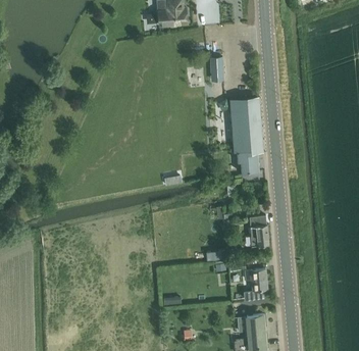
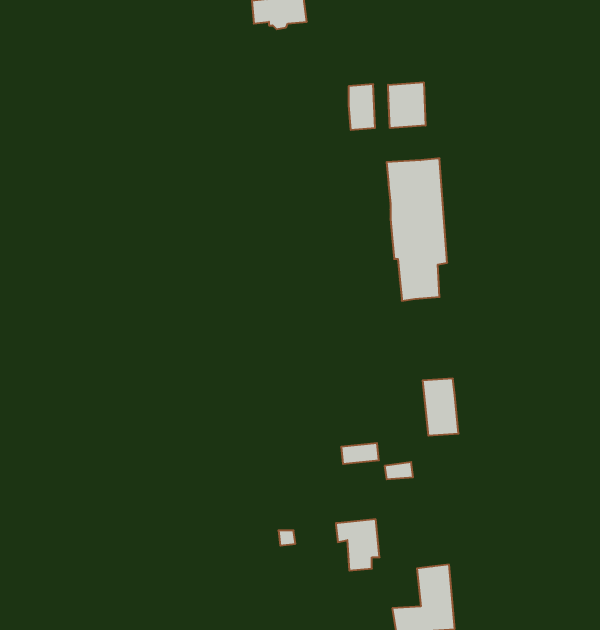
building: none -> [388,82,426,128]
building: [244,268,267,296] -> [336,519,380,571]

